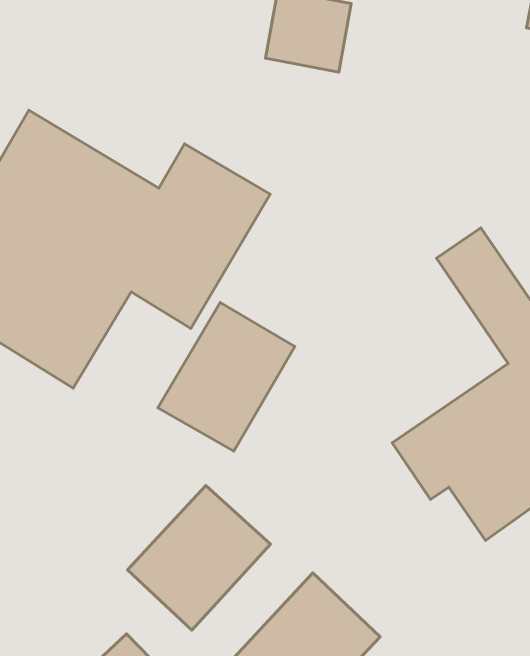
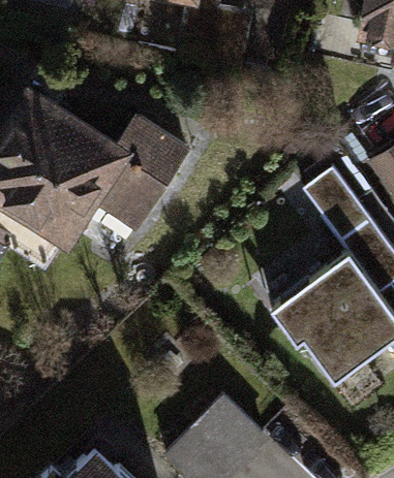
building: [158,302,295,451] -> none
building: [127,486,271,630] -> none

